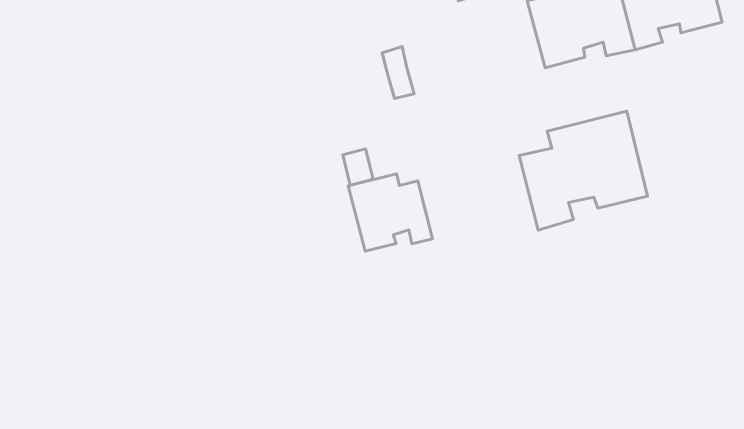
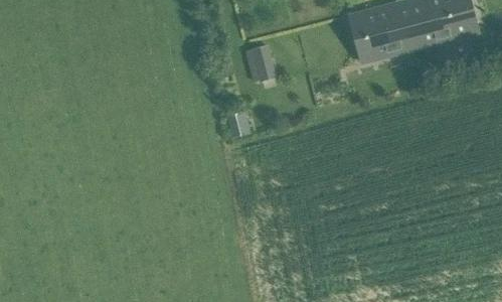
building: [519,111,647,230] -> none
building: [348,174,433,251] -> none

